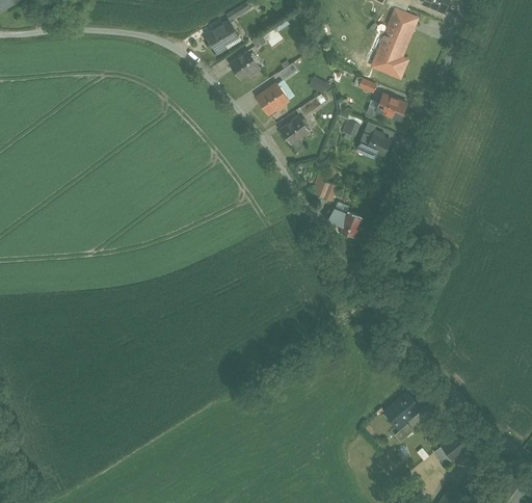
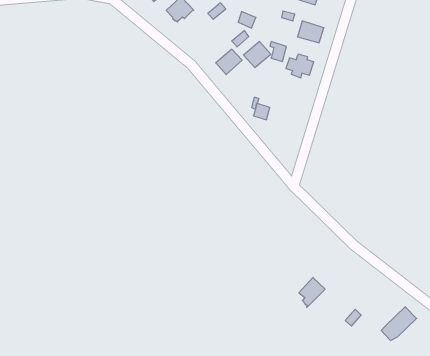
building: [257,84,288,113] -> [243,41,271,68]
building: [330,210,363,237] -> none
building: [391,396,421,429] -> [299,277,325,307]

